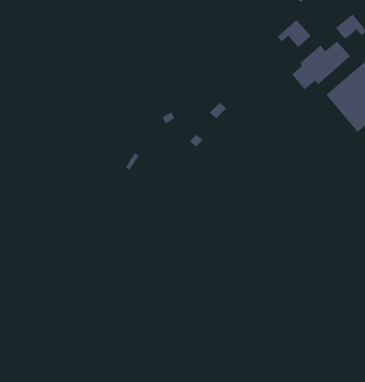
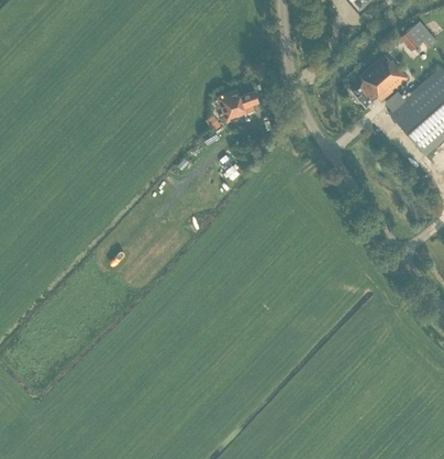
building: [277,19,311,48] -> none
building: none -> [218,90,258,123]

